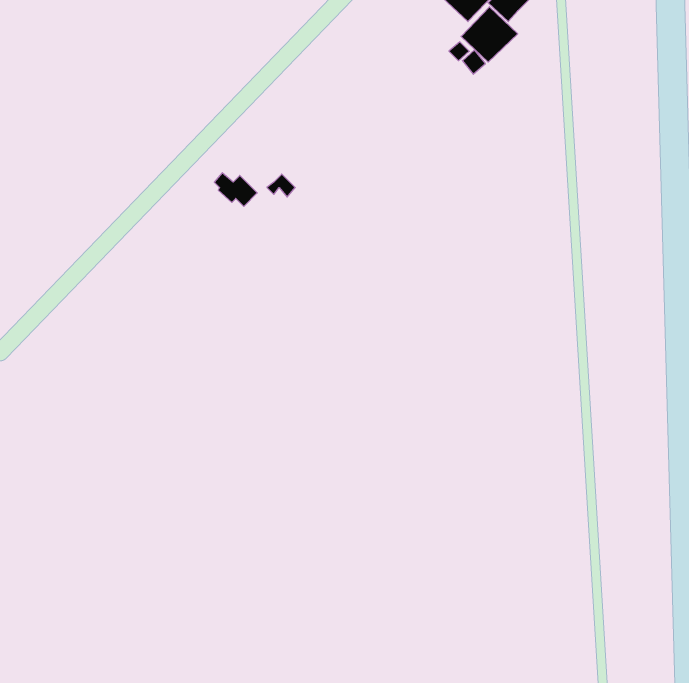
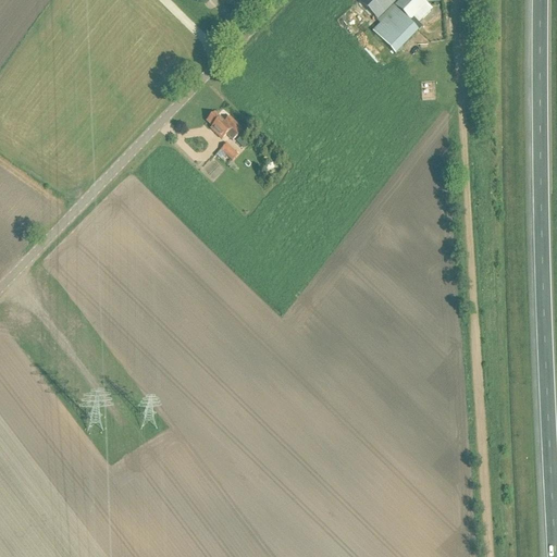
building: [214,173,257,206] -> [209,111,244,138]

